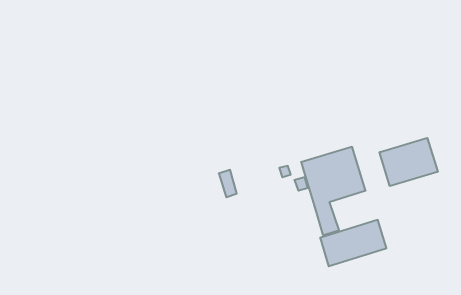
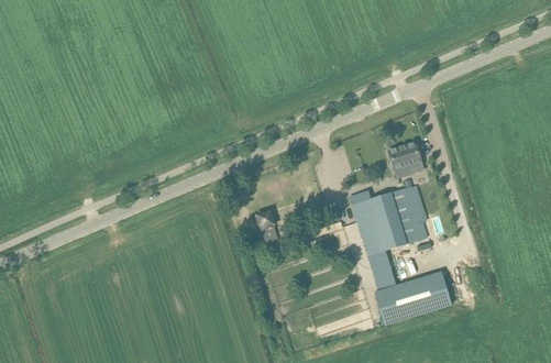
building: none -> [389,142,422,176]
building: [380,138,438,186] -> none

